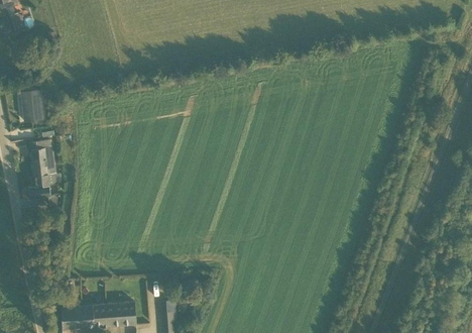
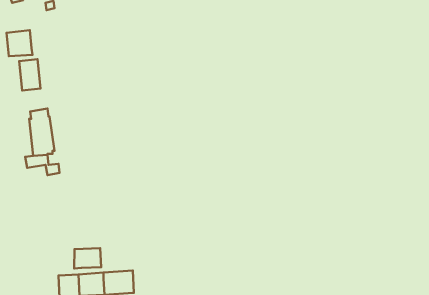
building: none -> [6,30,32,56]
building: none -> [74,248,101,268]

